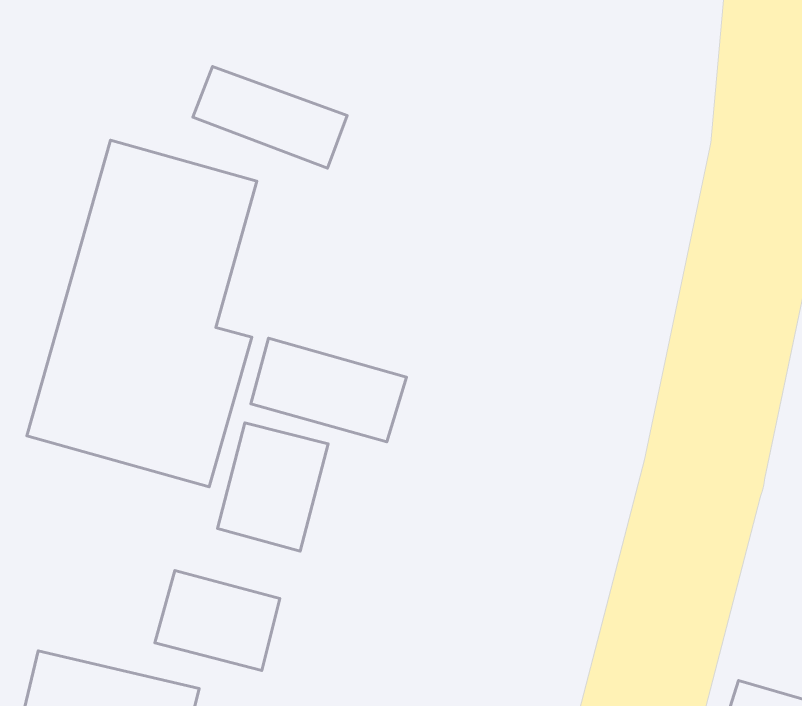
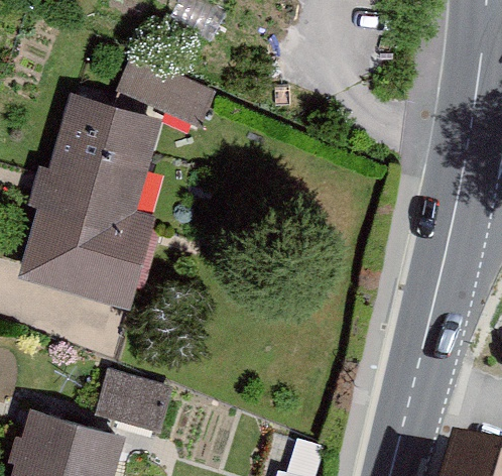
building: [251,338,406,442] -> none
building: [218,423,328,551] -> none

